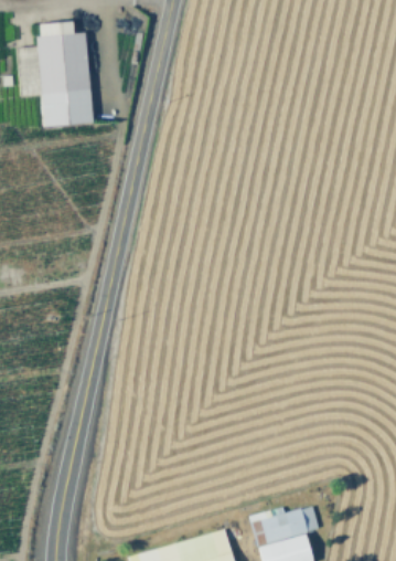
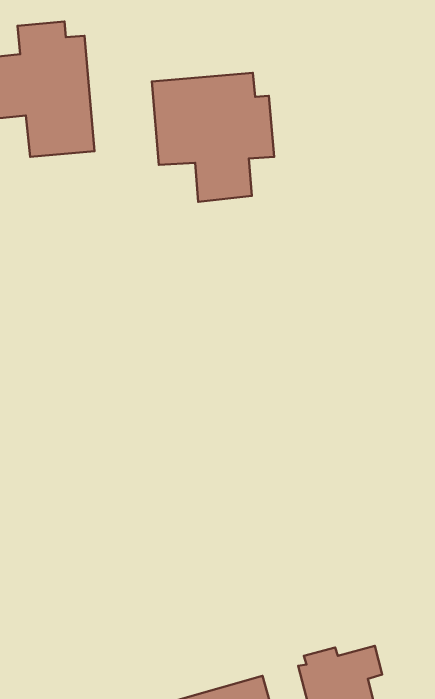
building: none -> [152,73,274,202]

